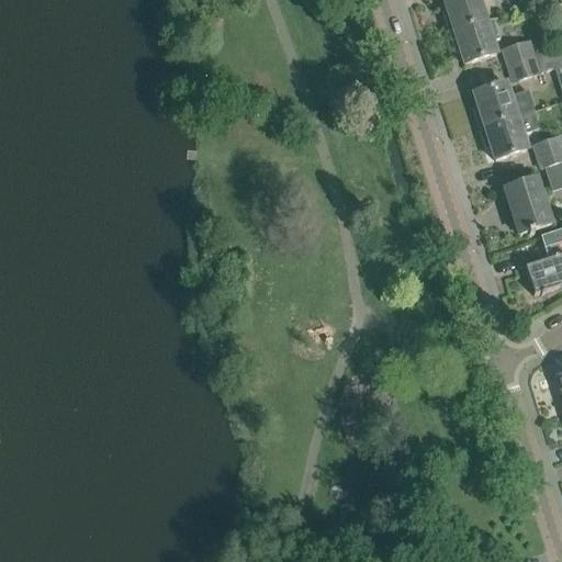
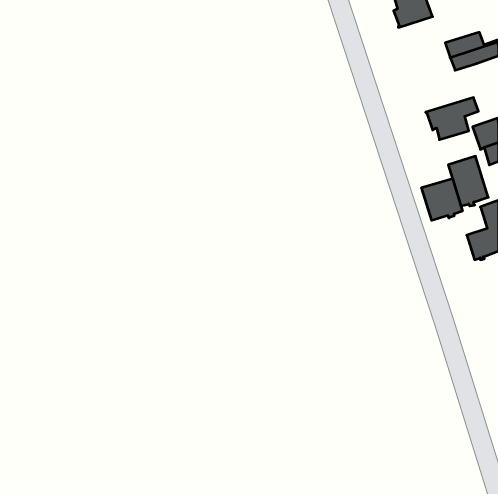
building: [449,16,502,61] -> none
building: [474,80,533,126] -> none
building: none -> [422,178,462,220]

